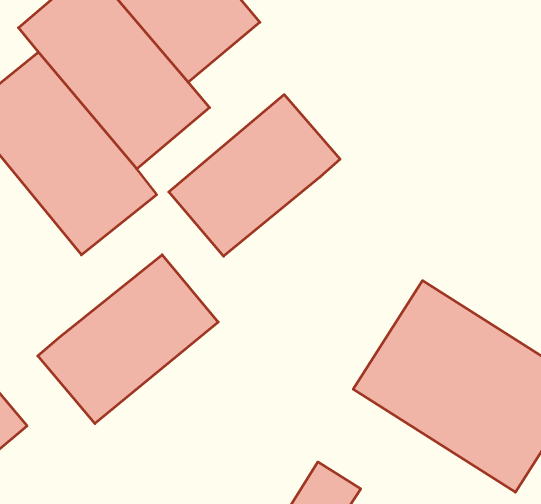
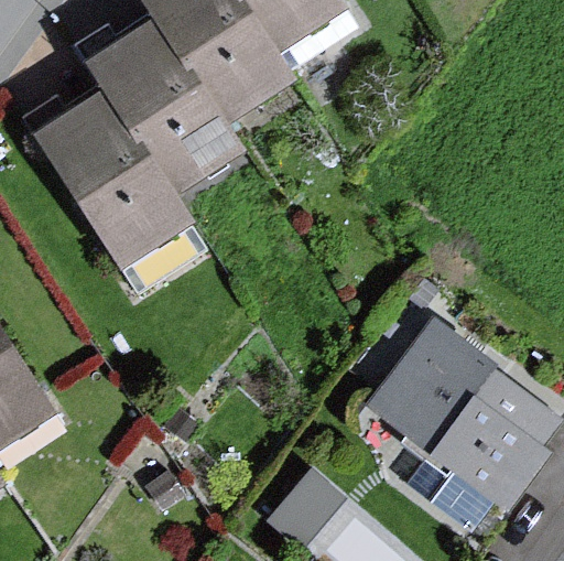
building: [169,95,340,256] -> none
building: [38,255,218,424] -> none

